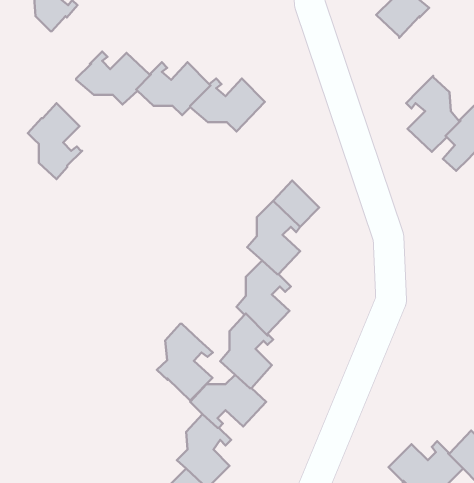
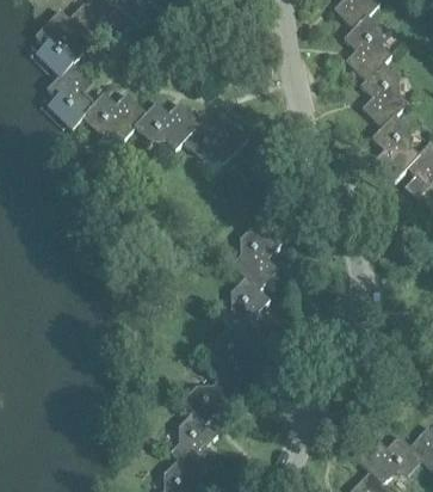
building: none -> [360,62,409,128]
building: [28,103,82,179] -> [48,62,95,129]
building: [157,324,213,401] -> none

